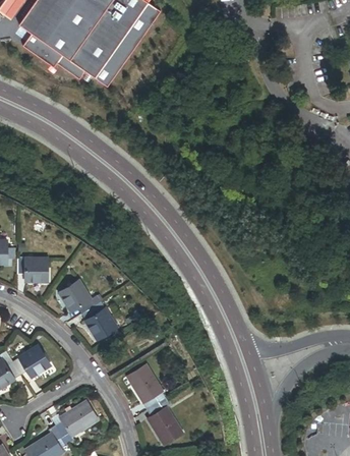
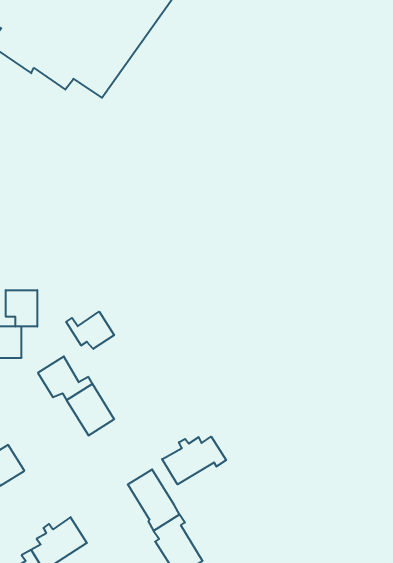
building: none -> [6,290,37,327]
building: none -> [66,312,114,349]
building: none -> [162,437,226,484]

